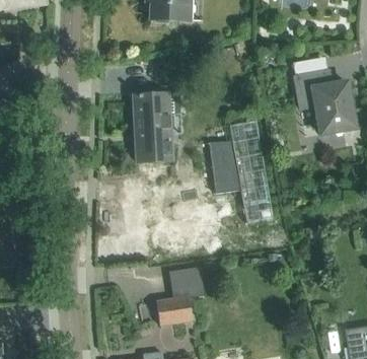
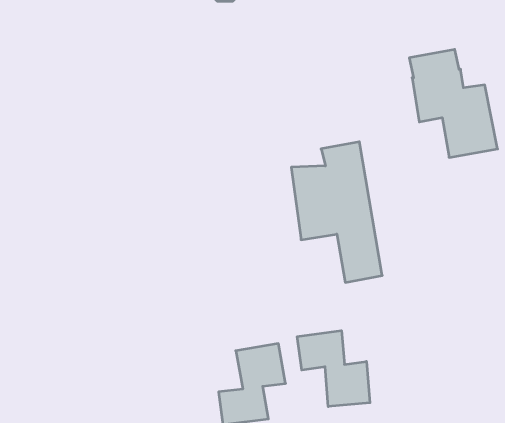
building: [134,93,172,161] -> none
building: none -> [297,331,370,407]

